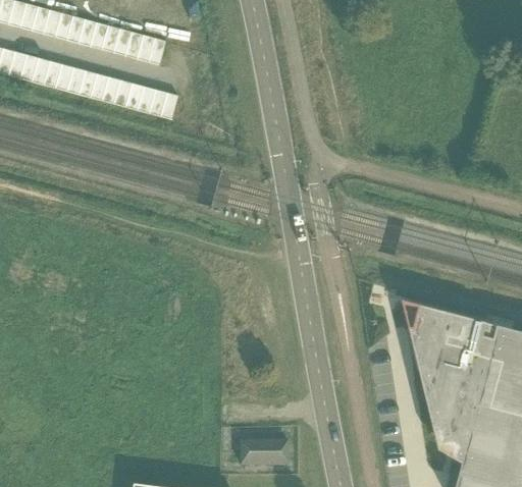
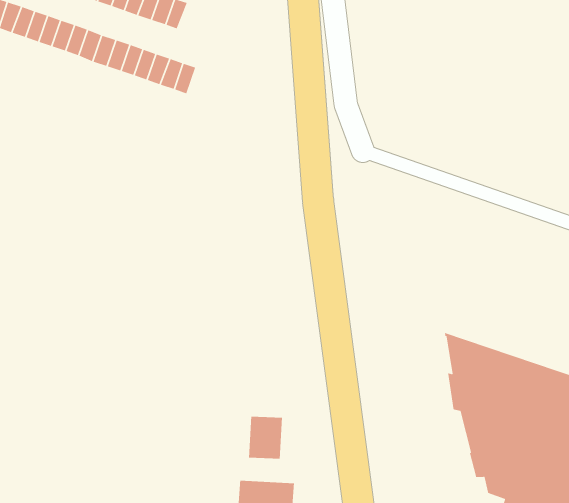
building: none -> [248,416,283,459]

